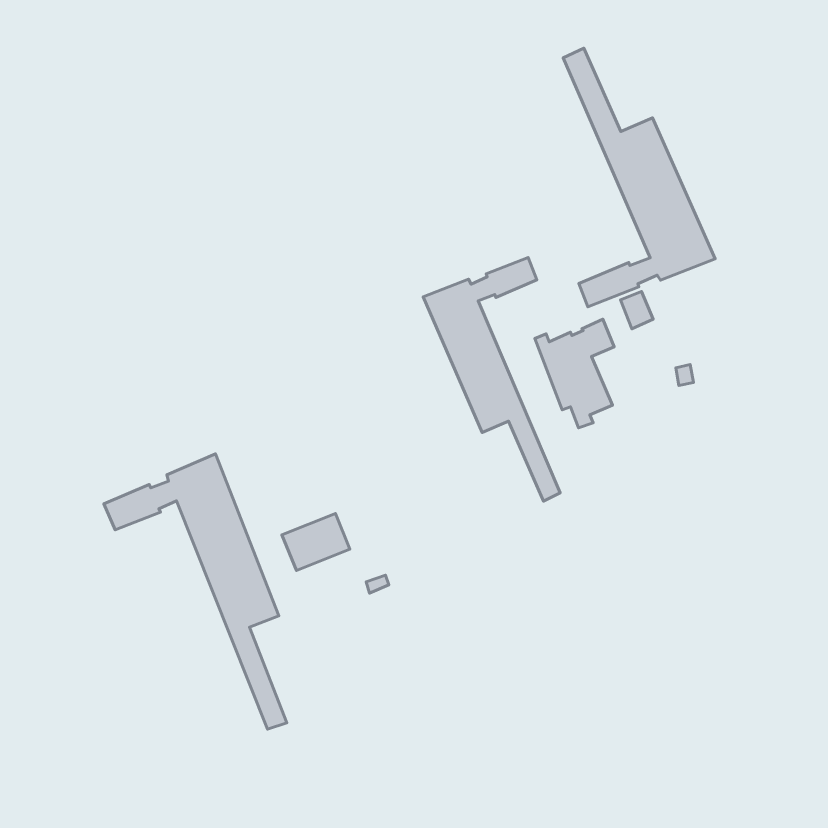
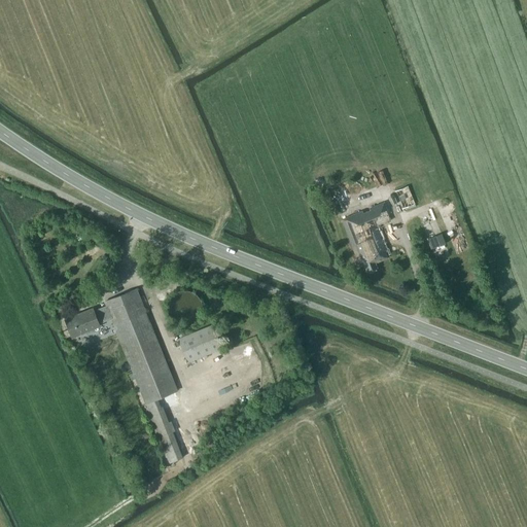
building: [563,48,715,307] -> none
building: [423,257,560,501] -> none

